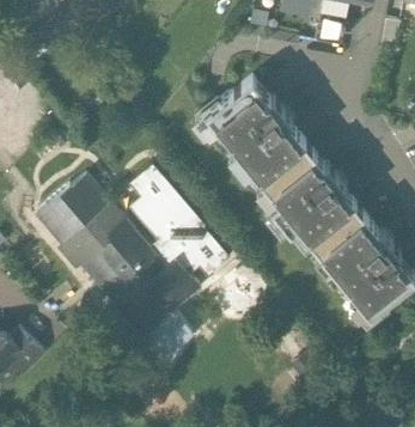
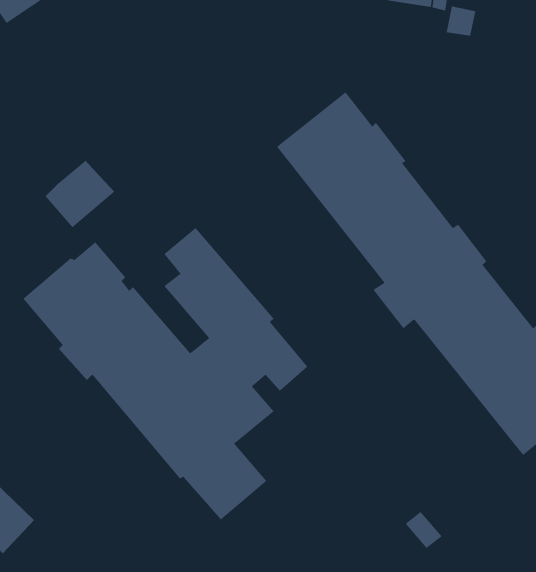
building: none -> [45,160,115,228]

